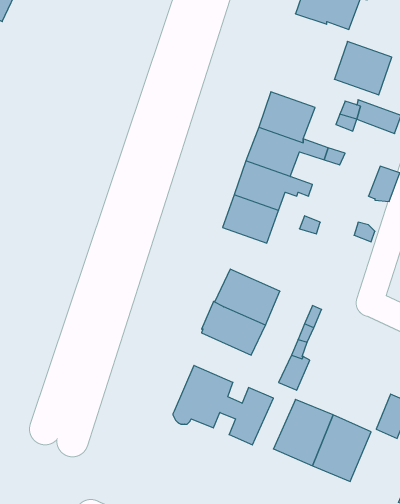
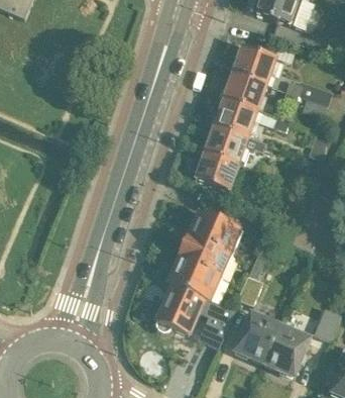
building: [334,41,392,95] -> [232,44,276,86]
building: none -> [169,261,217,299]

